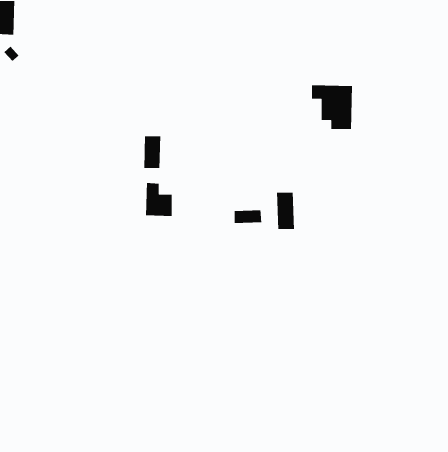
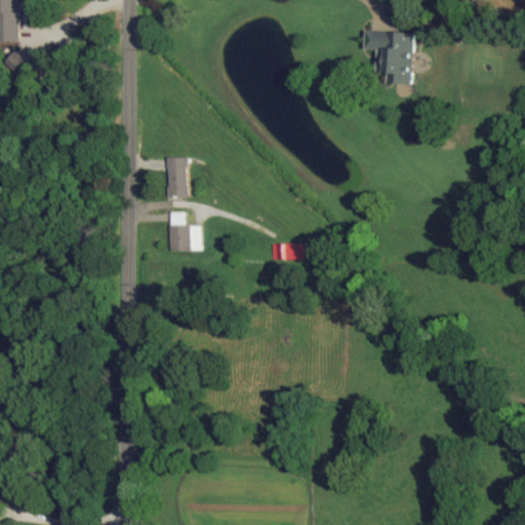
building: [311,85,353,130] -> [363,31,411,83]
building: [276,192,295,230] -> none

